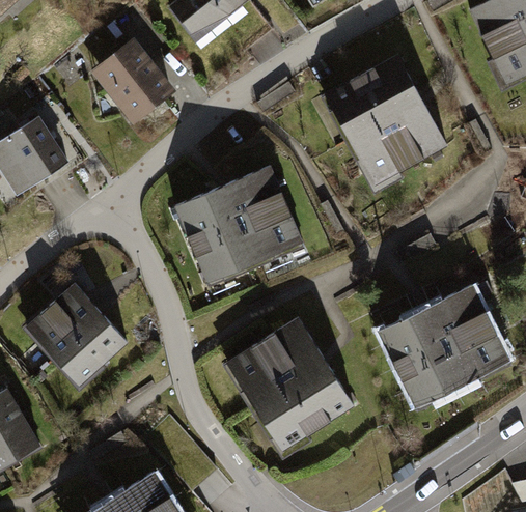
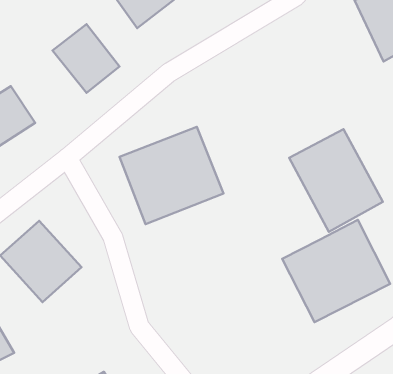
building: [321,51,451,188] -> none
building: none -> [289,129,383,232]
building: [224,316,356,454] -> none

